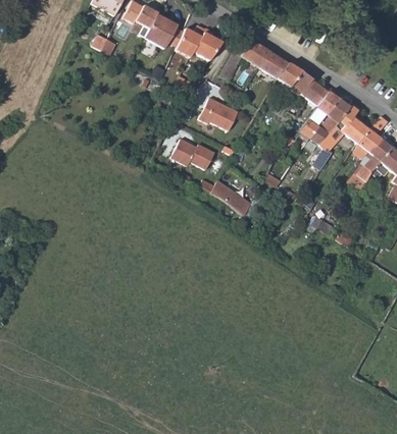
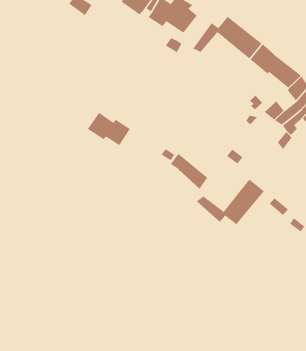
building: [200,96,239,130] -> none
building: [170,138,214,169] -> [87,112,131,146]
building: none -> [196,178,265,225]

